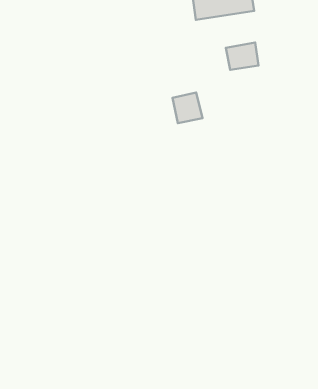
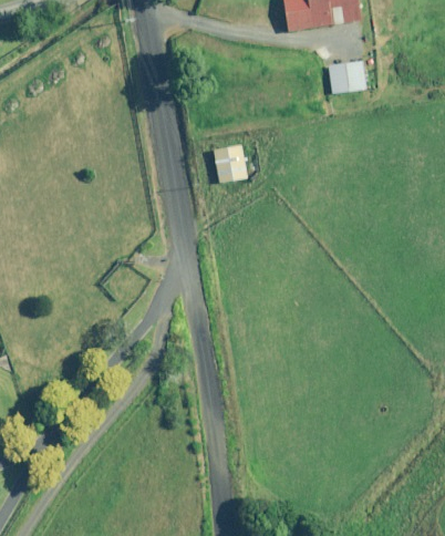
building: [172,92,202,123] -> [211,144,249,183]

